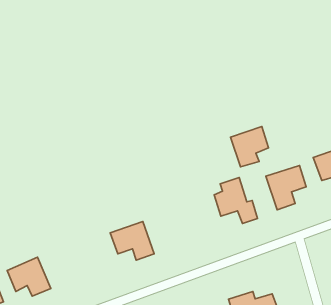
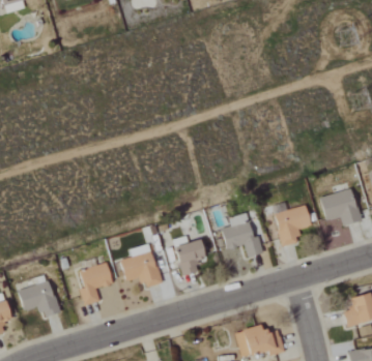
building: [230,126,268,167] -> none
building: none -> [174,236,217,275]
building: none -> [80,263,113,305]

